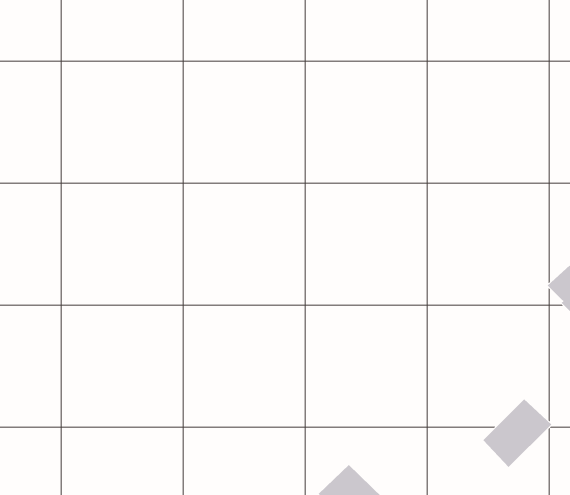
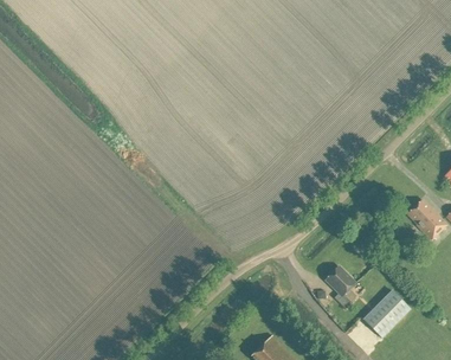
building: none -> [326,266,356,308]

